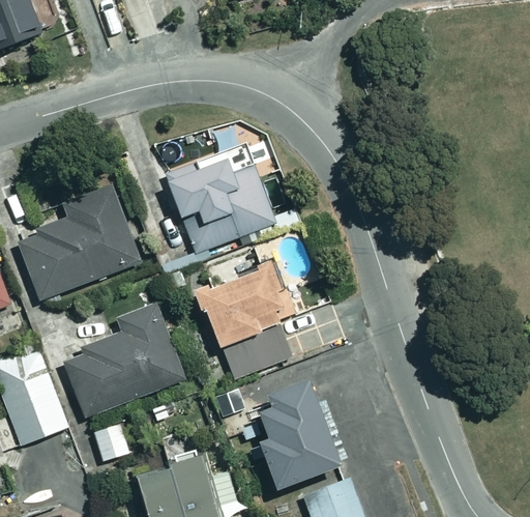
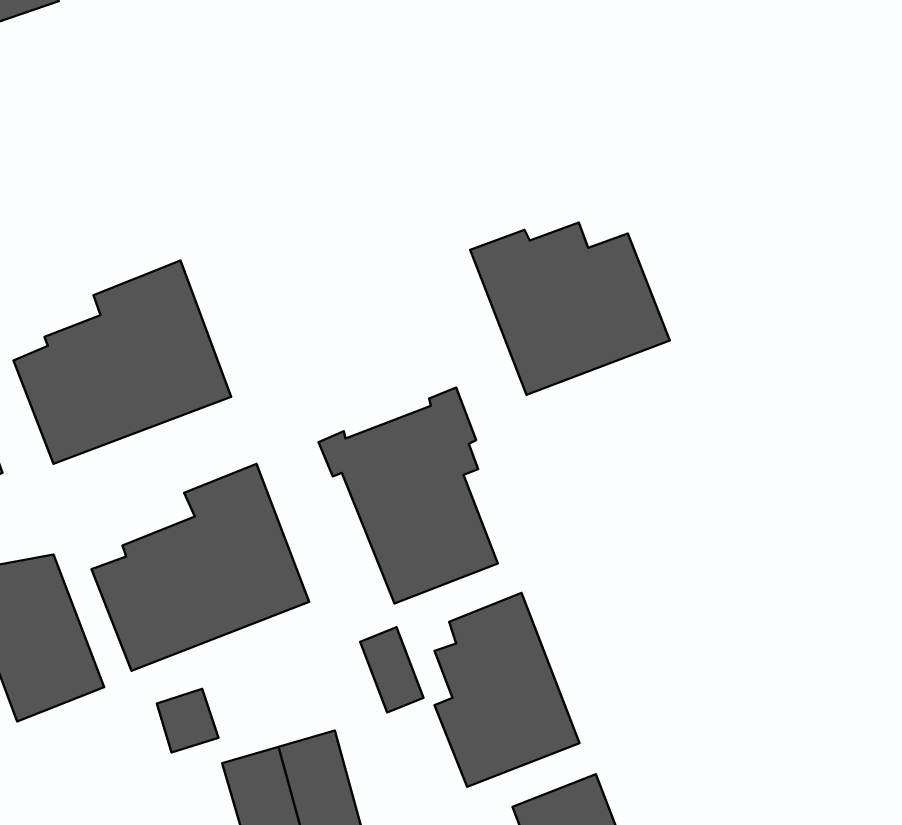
building: [165,157,278,256] -> [470,222,670,395]

